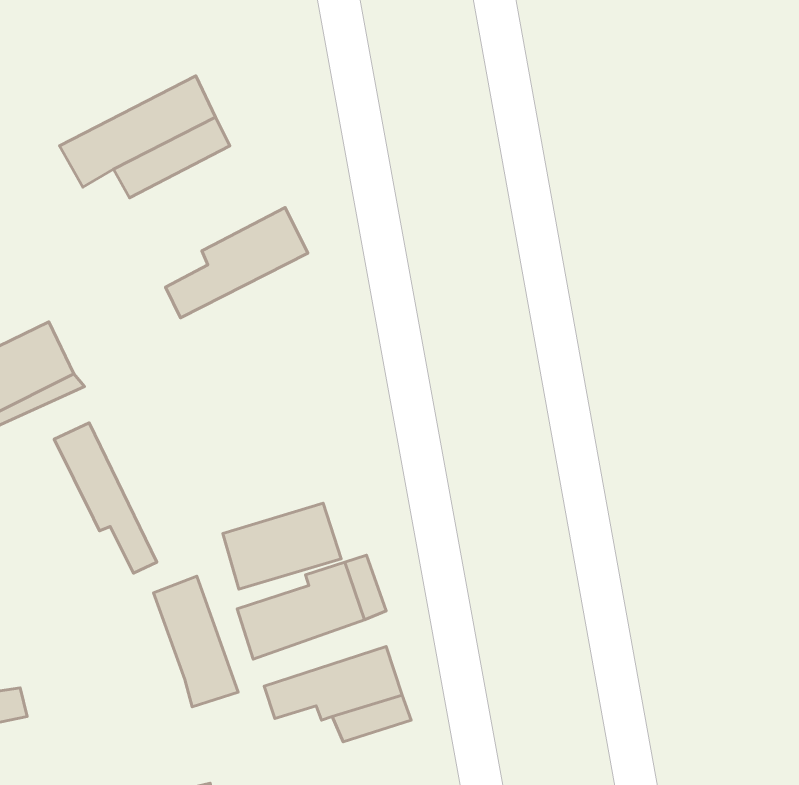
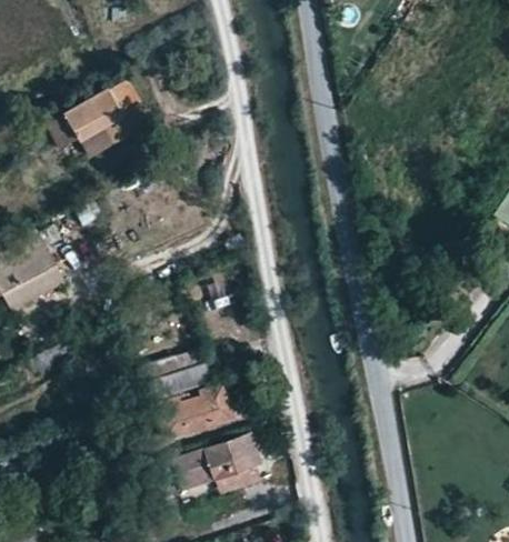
building: [166,207,308,318] -> none
building: [54,423,157,573] -> none
building: [154,576,238,707] -> none

